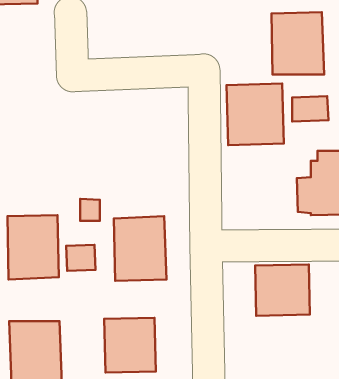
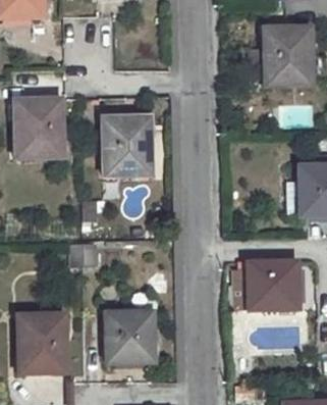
building: [227,84,284,145] -> none
building: [7,215,59,279] -> [14,99,62,159]
building: [114,216,166,281] -> [103,116,152,176]

